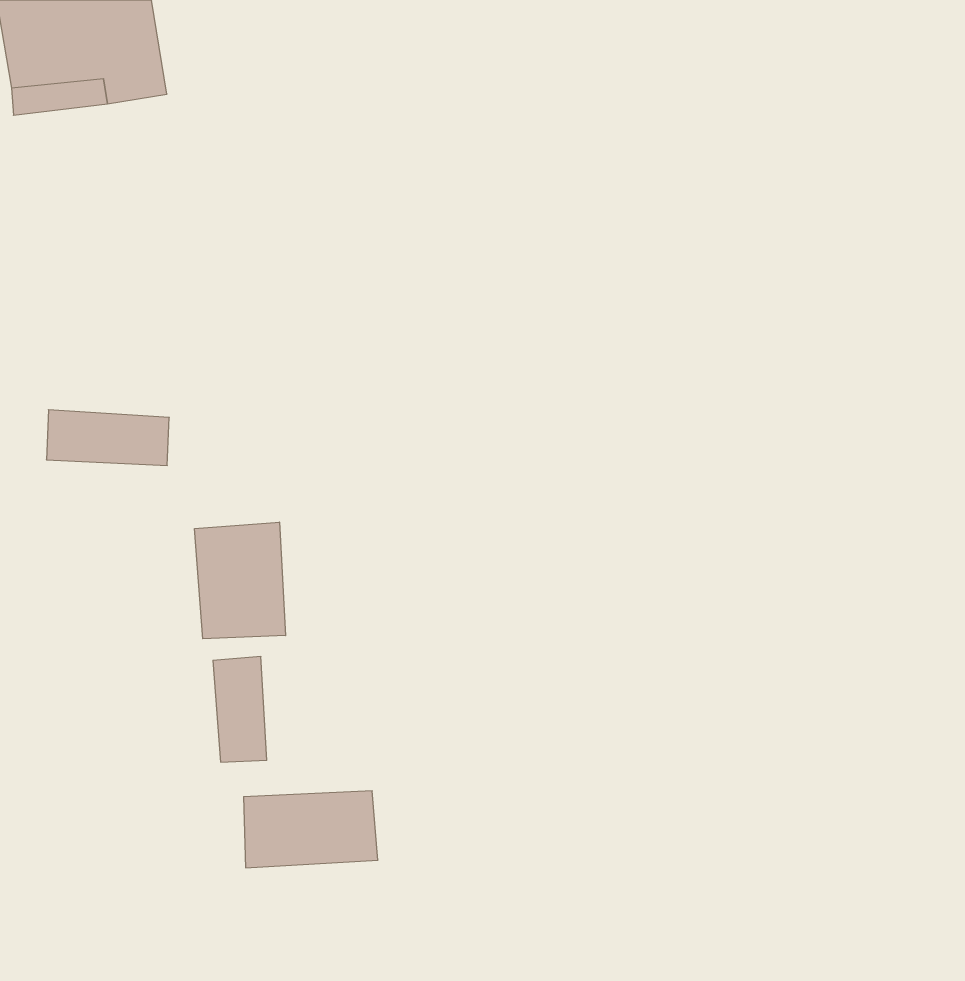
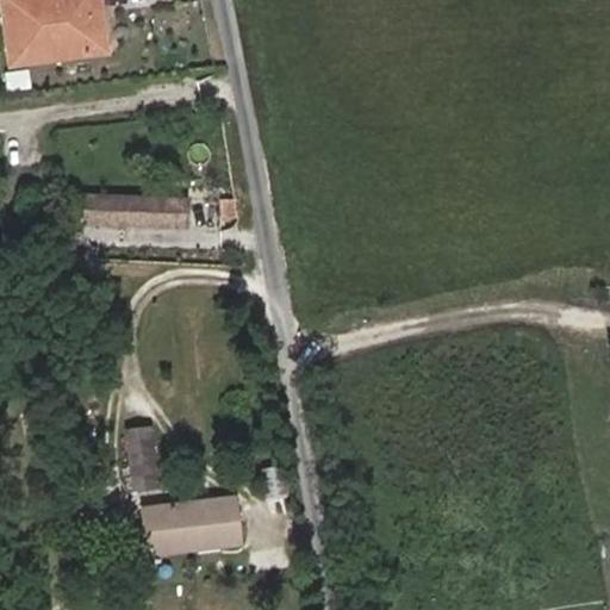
building: [46,410,169,465] -> [98,195,174,230]
building: [195,522,286,639] -> none

